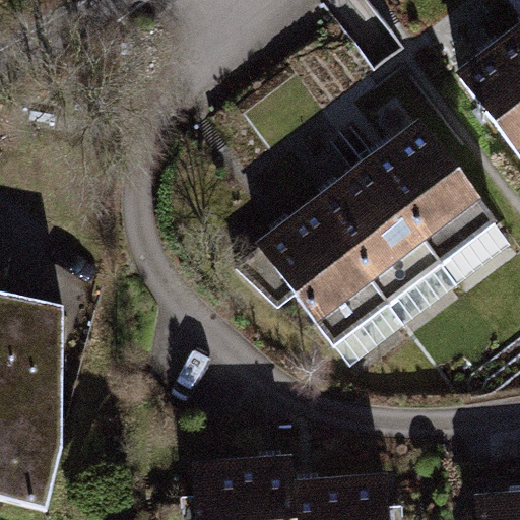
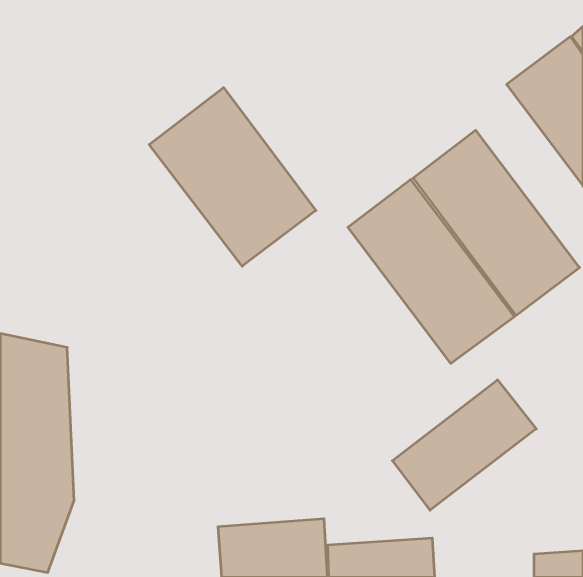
building: none -> [149,88,316,266]
building: [252,203,401,367] -> none
building: none -> [392,380,536,510]

